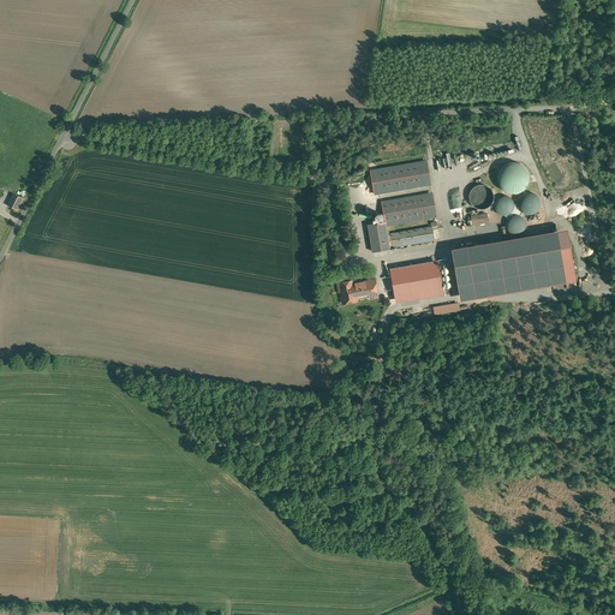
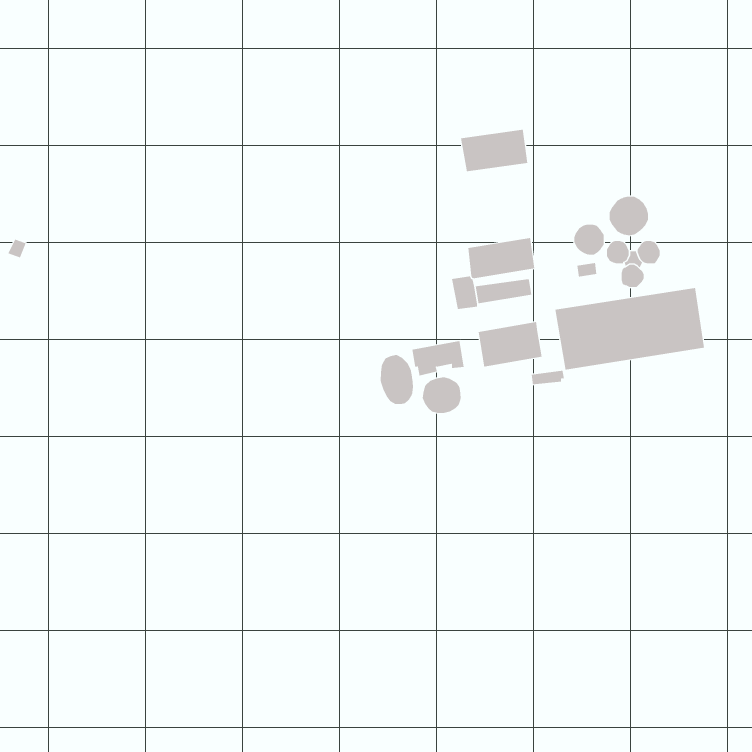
building: [375,159,430,193] -> [460,129,528,172]
building: none -> [380,354,414,405]
building: none -> [422,377,461,414]

